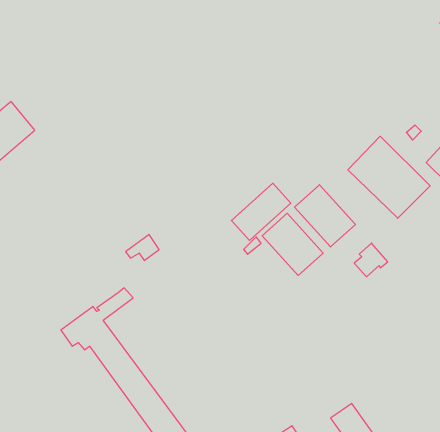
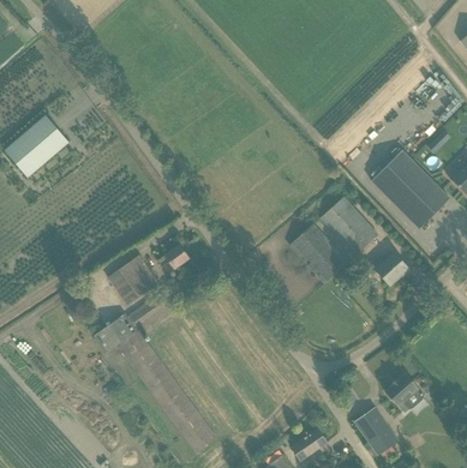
building: [231,183,291,240] -> none
building: none -> [108,254,157,305]
building: none -> [384,373,424,410]

